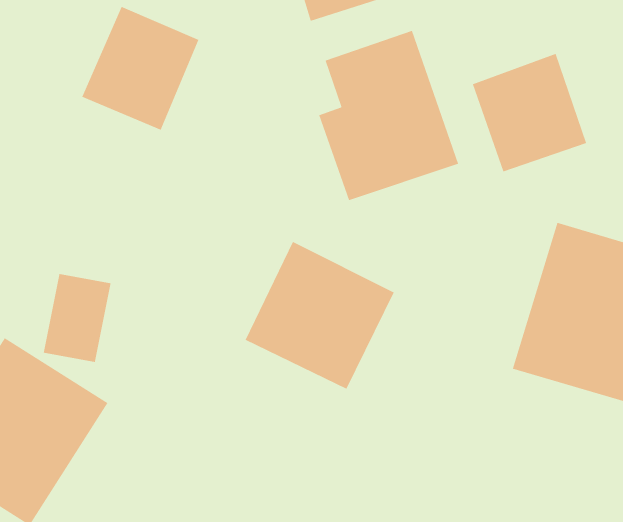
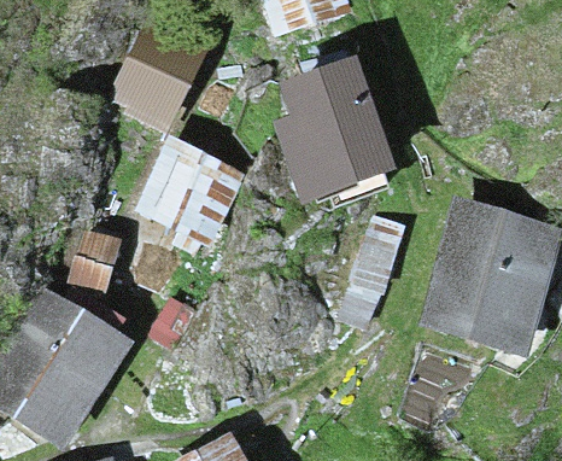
building: [472,53,587,173] -> none
building: [244,241,395,390] -> [135,146,248,258]

